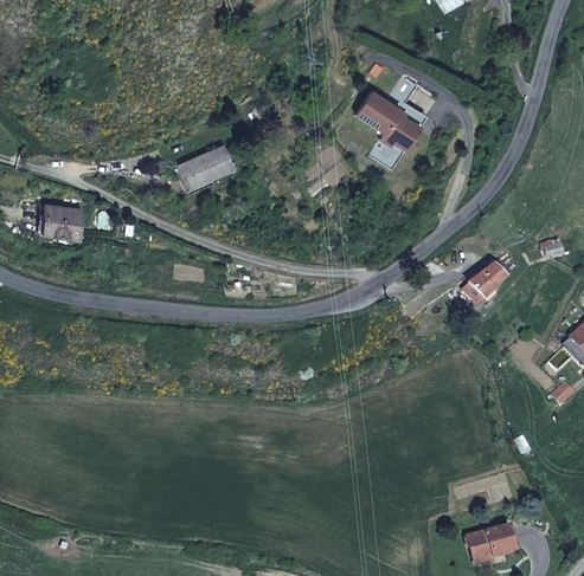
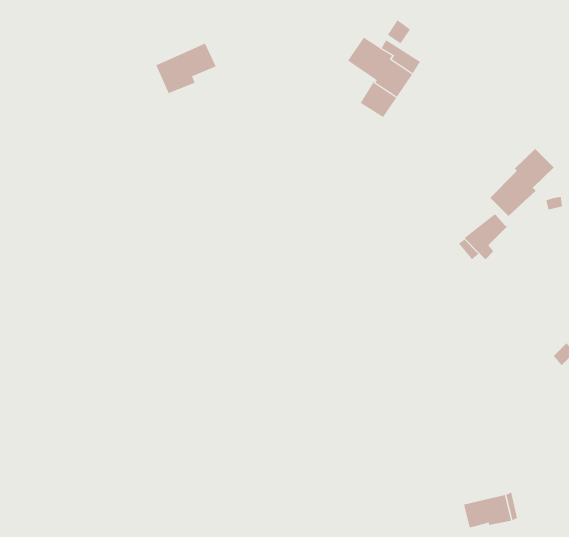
building: [175,144,233,193] -> [156,43,217,94]
building: none -> [489,148,554,217]
building: [41,203,81,239] -> none

